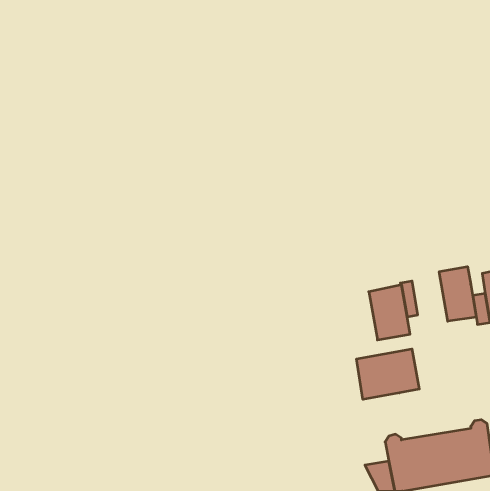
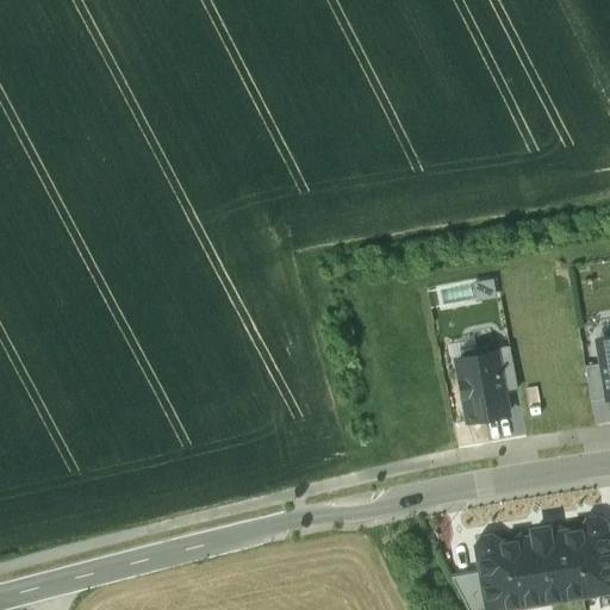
building: [439,267,476,321] -> none
building: [357,349,419,399] -> none

